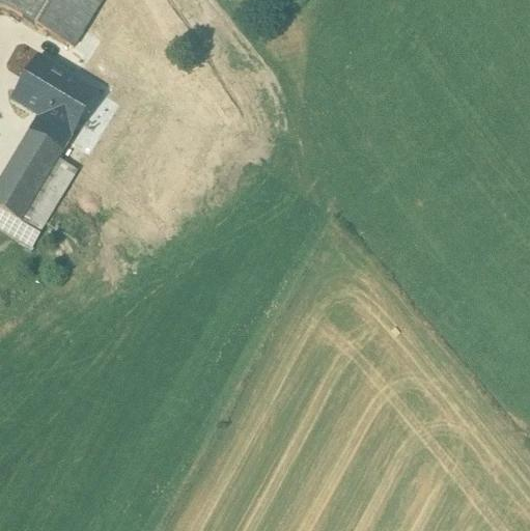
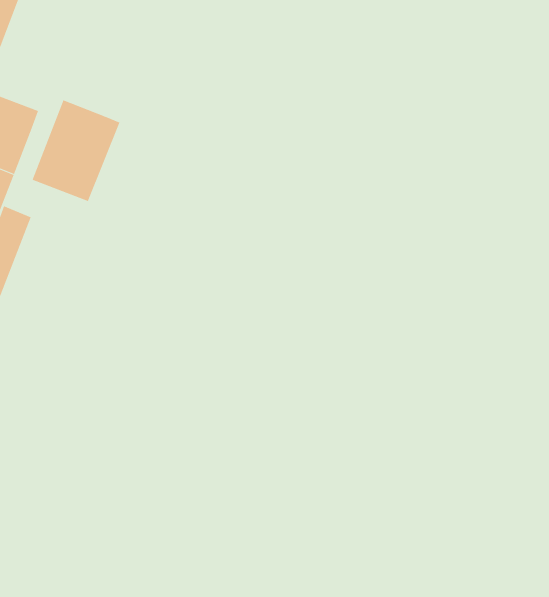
building: none -> [32,99,120,202]

